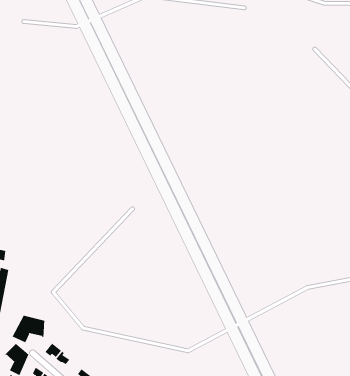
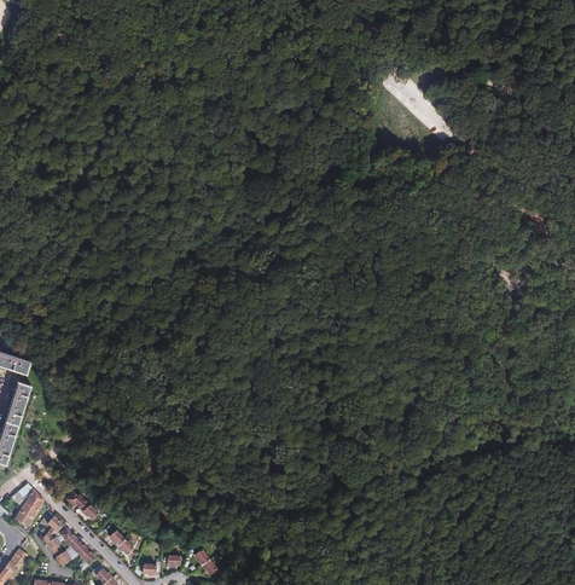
building: [12,315,45,343] -> none

